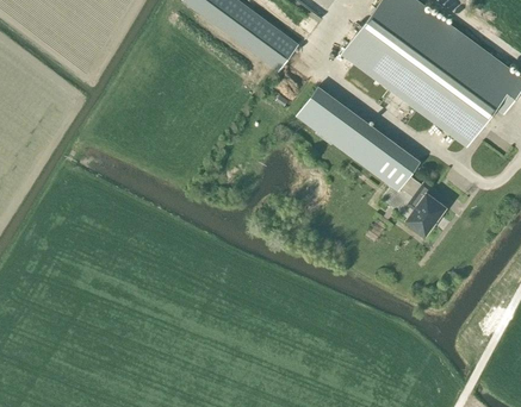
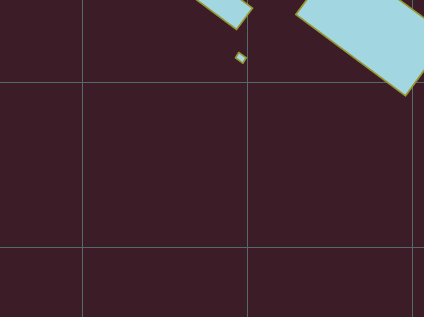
building: [296,87,445,233] -> none

